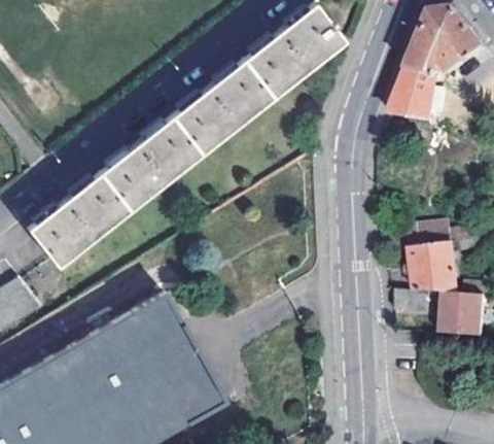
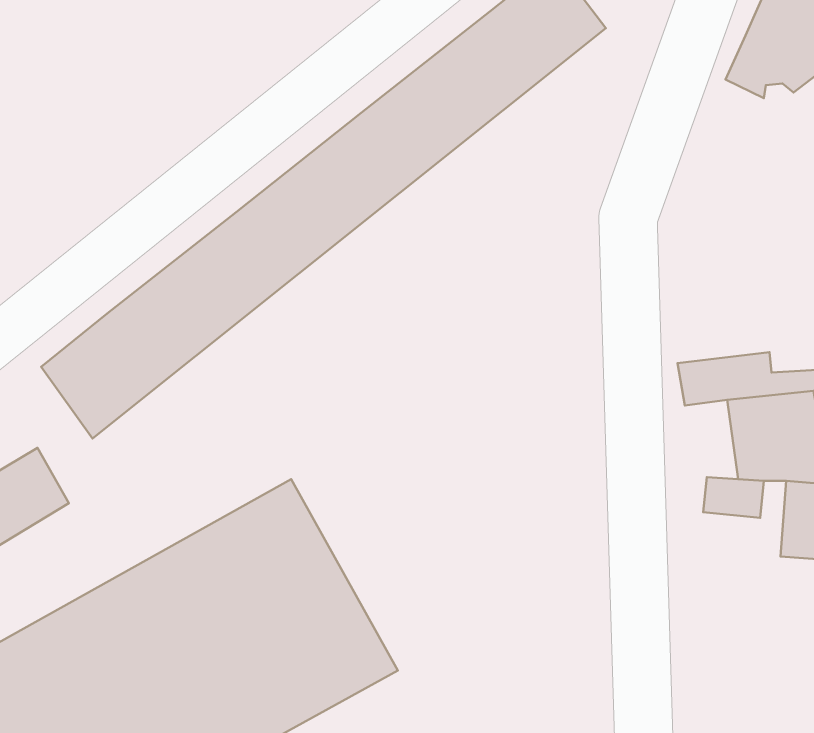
building: [389,71,431,123] -> none

